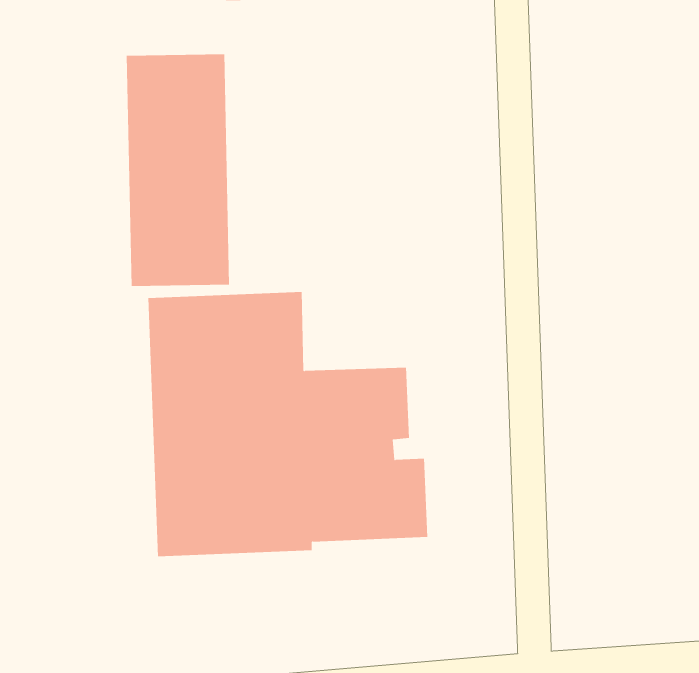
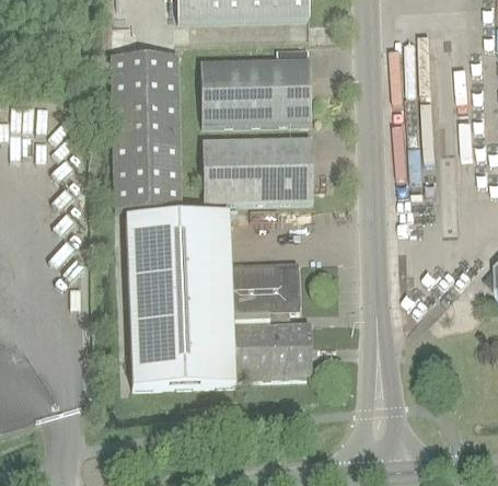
building: none -> [200,59,311,124]
building: none -> [202,138,313,201]

